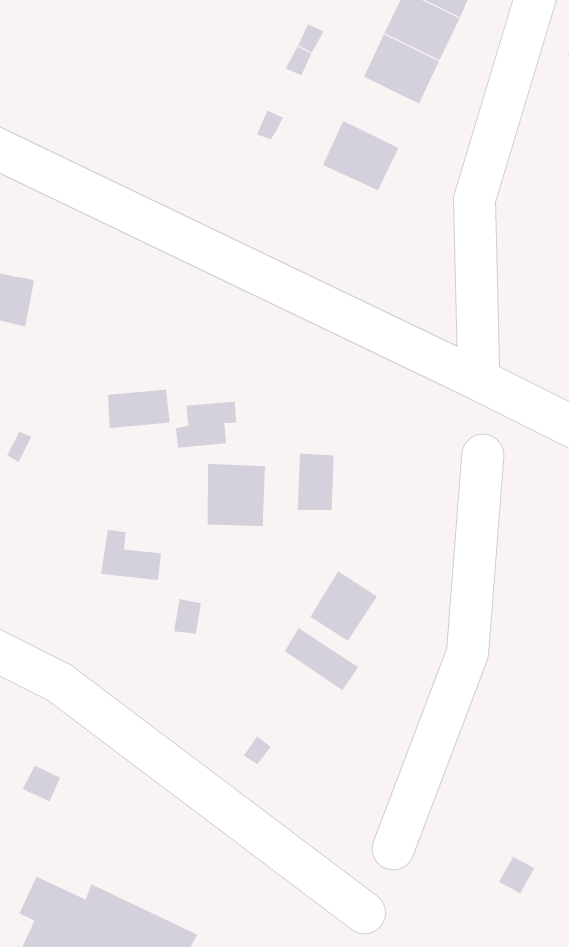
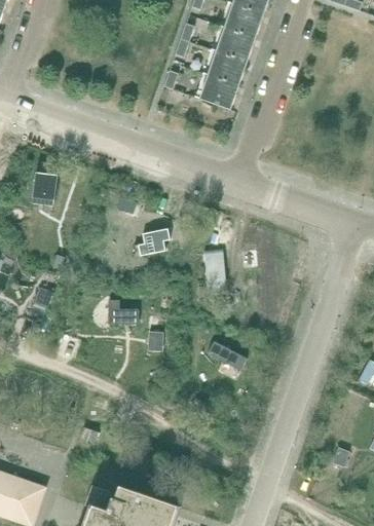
building: none -> [208,51,247,86]
building: [107,389,170,429] -> none
building: [207,463,265,527] -> none
building: [310,570,378,642] -> none

